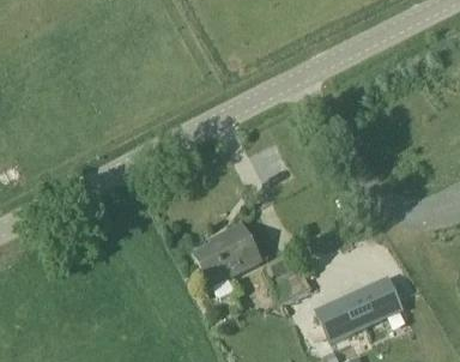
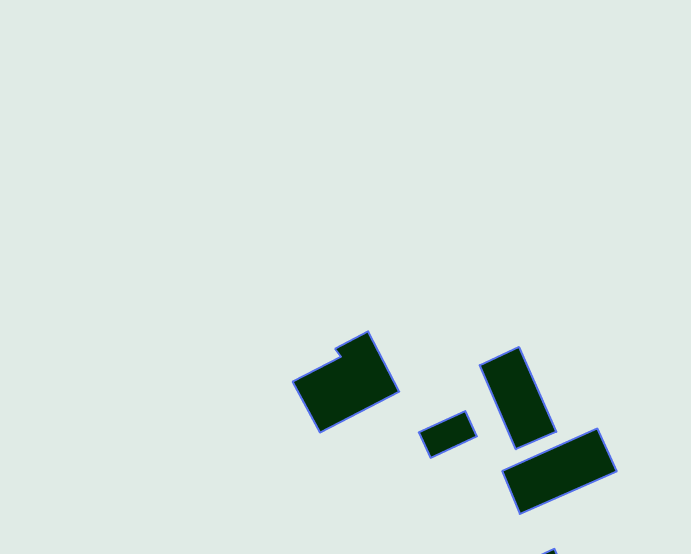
building: none -> [480,347,556,449]

